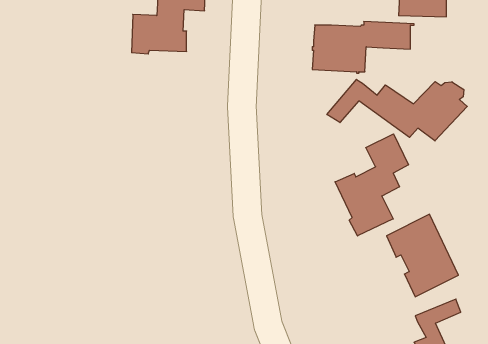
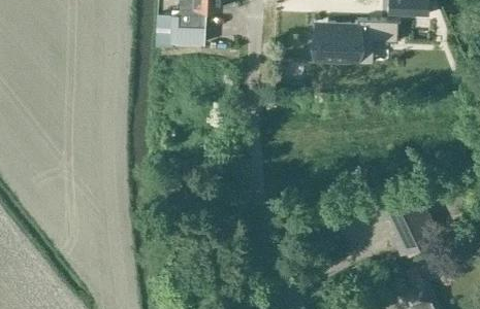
building: [327,79,467,141] -> none
building: [335,134,408,236] -> none

